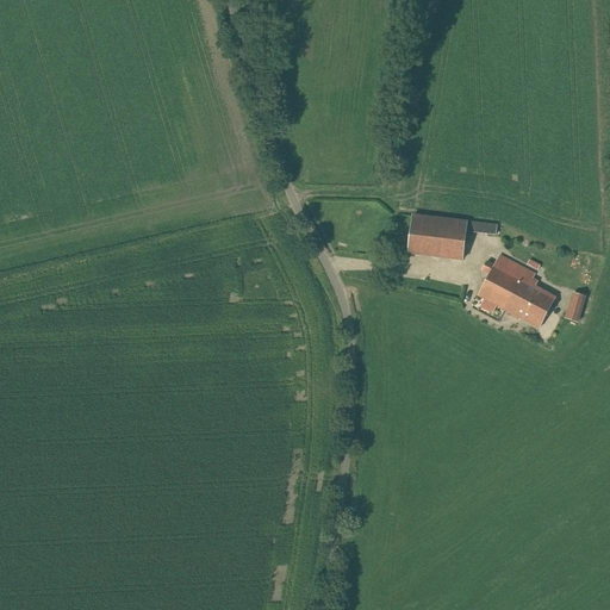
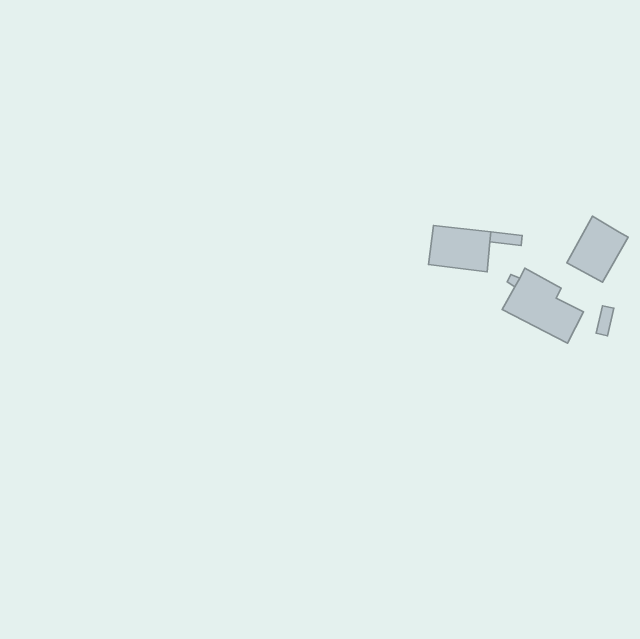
building: none -> [567,216,628,282]

